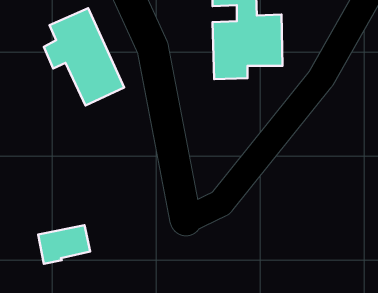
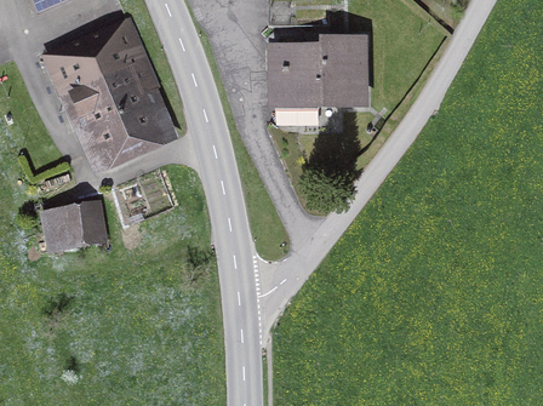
building: [38,225,90,264] -> [42,198,109,247]

